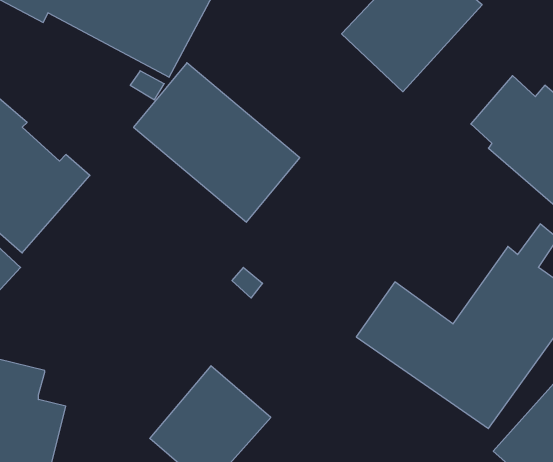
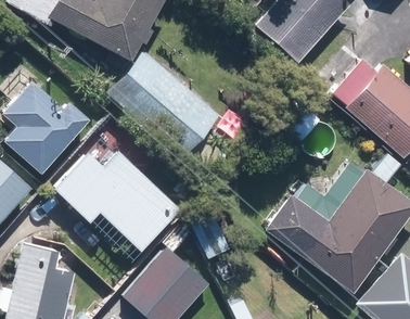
building: none -> [60,155,176,251]

